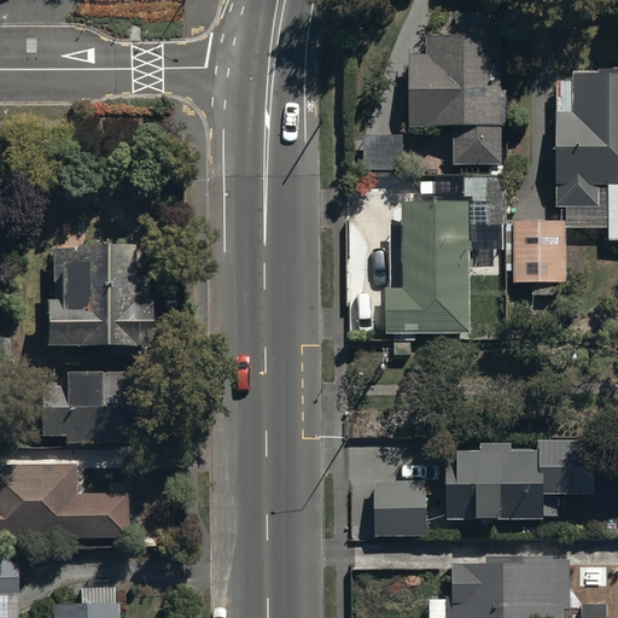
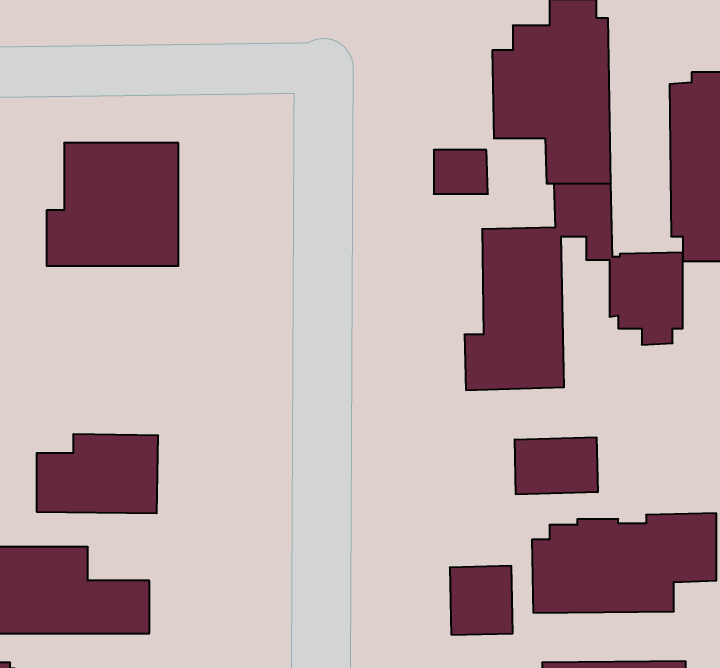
building: [42,241,151,343] -> [47,143,178,266]
building: none -> [515,437,598,494]

